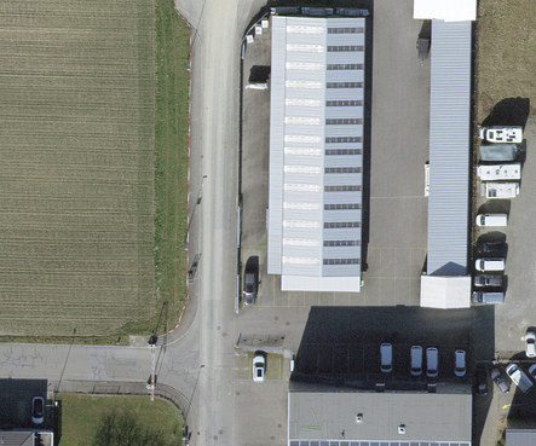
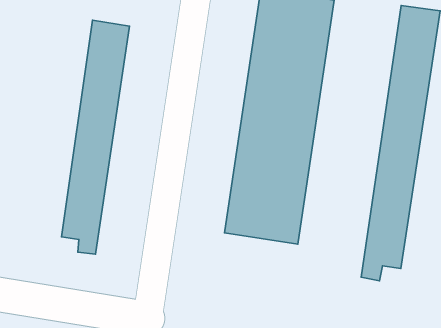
building: none -> [61,20,129,254]

